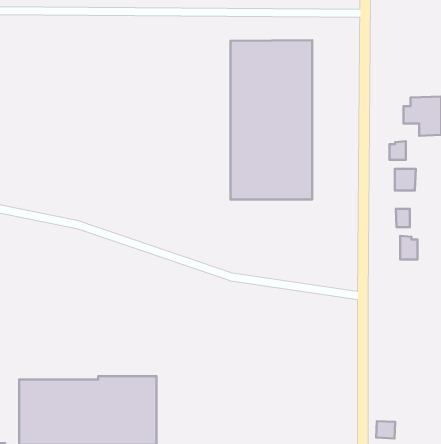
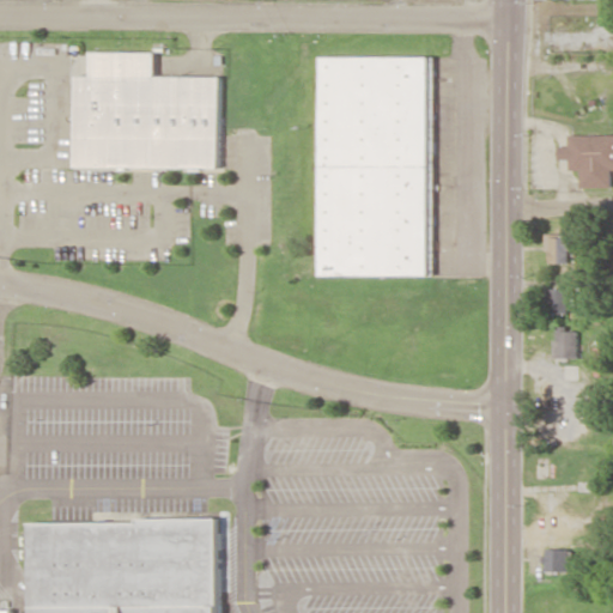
building: none -> [72,51,218,168]
building: [389,141,406,160] -> none
building: [376,421,395,438] -> [541,548,568,572]

